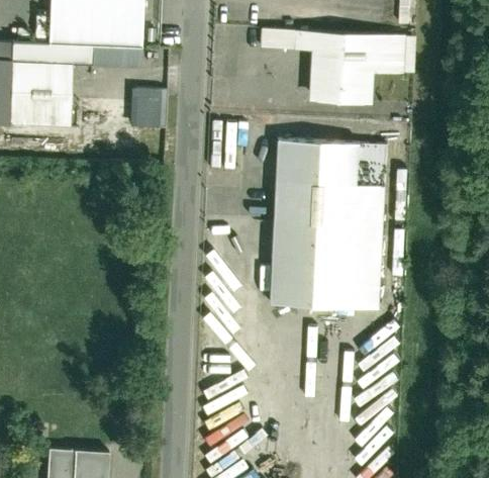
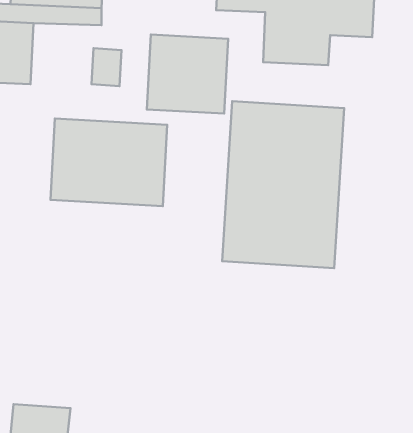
building: none -> [147,35,228,114]
building: none -> [51,119,167,206]

